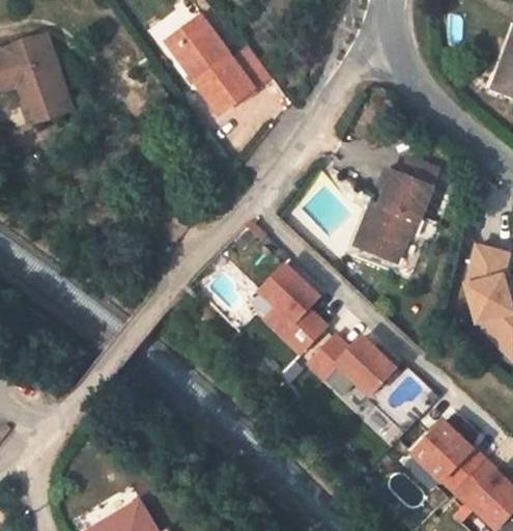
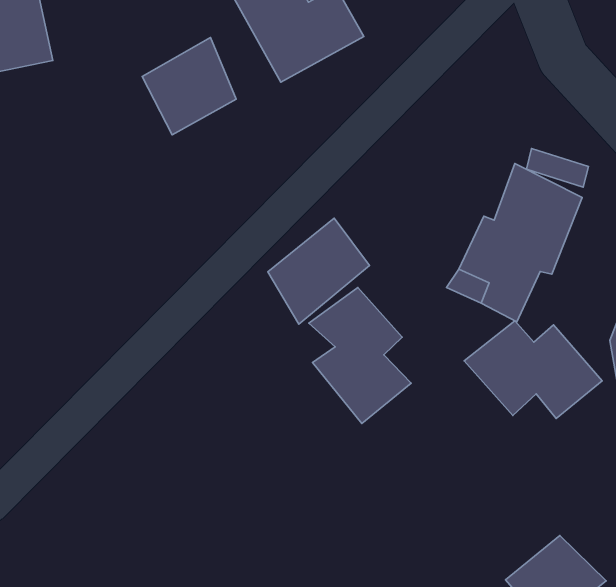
building: none -> [142,37,236,135]
building: none -> [268,218,369,324]
building: [304,331,400,396] -> [464,321,602,418]

